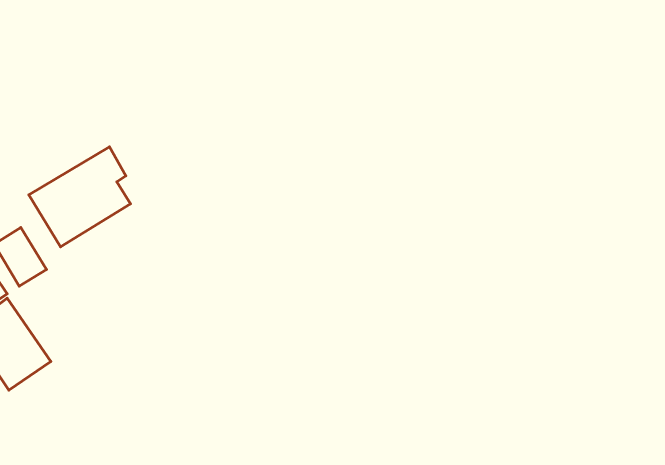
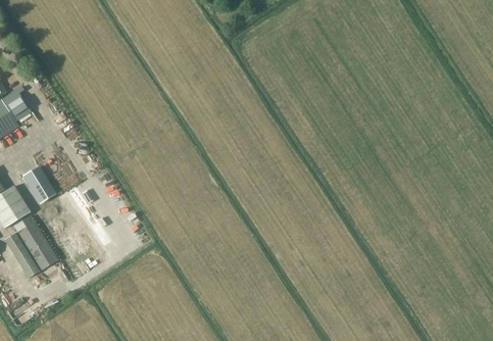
building: [29,147,131,247] -> none

